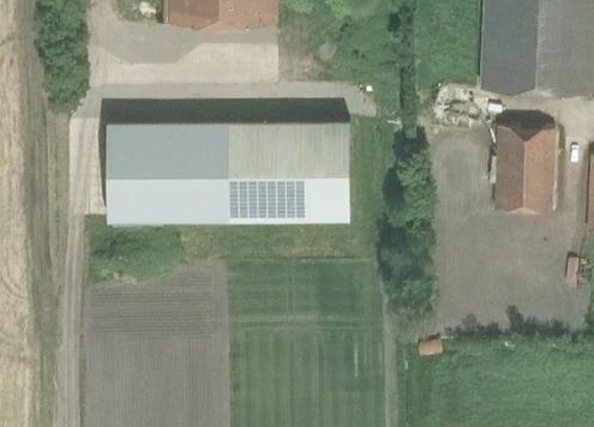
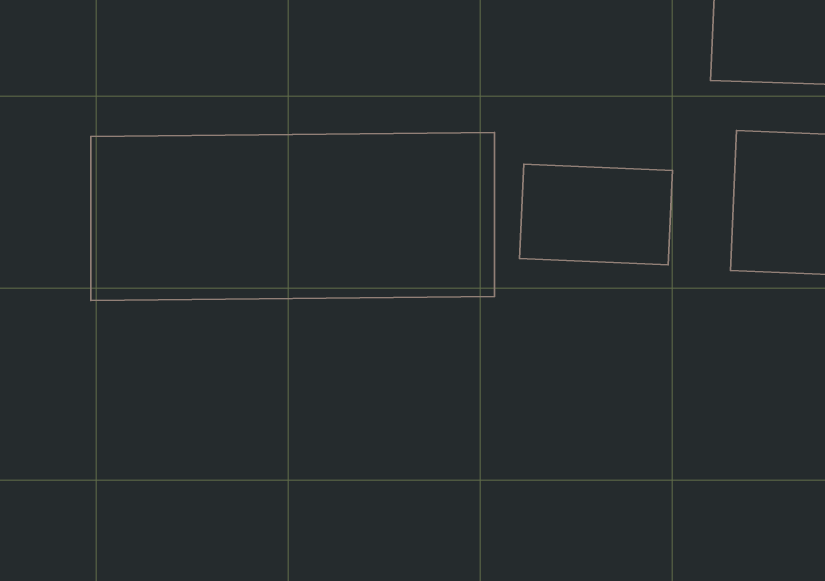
building: none -> [520,164,673,265]

